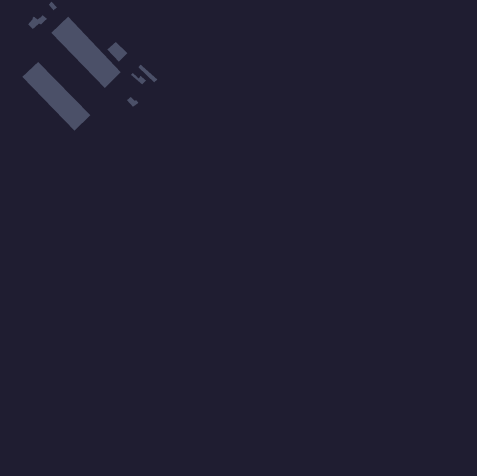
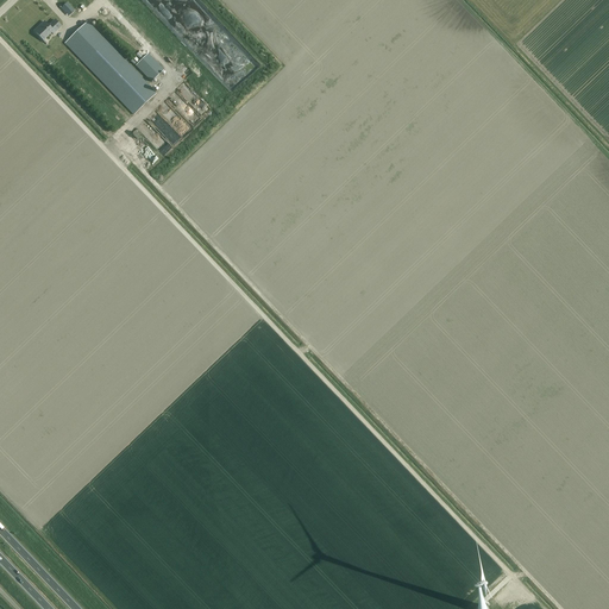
building: [21,61,91,132] -> none

